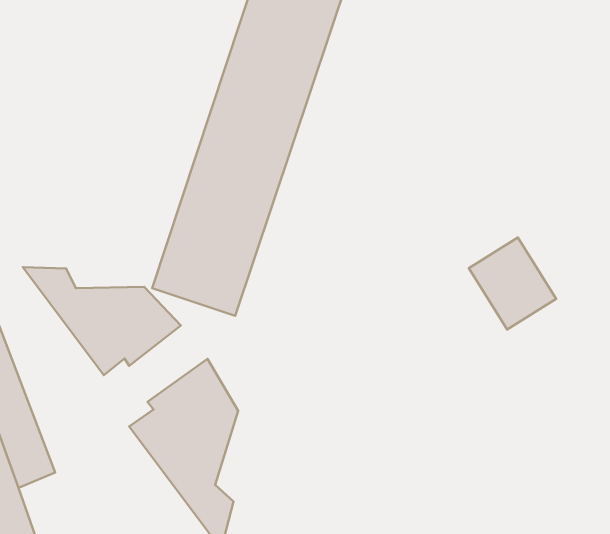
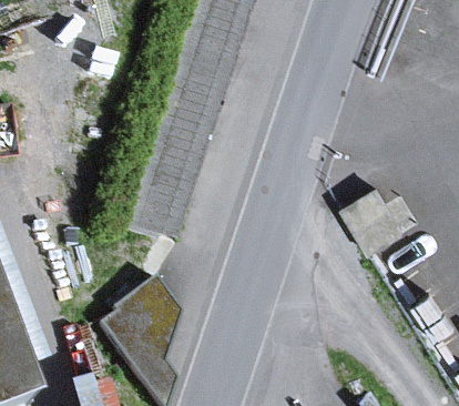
building: [23,267,181,375] -> none

